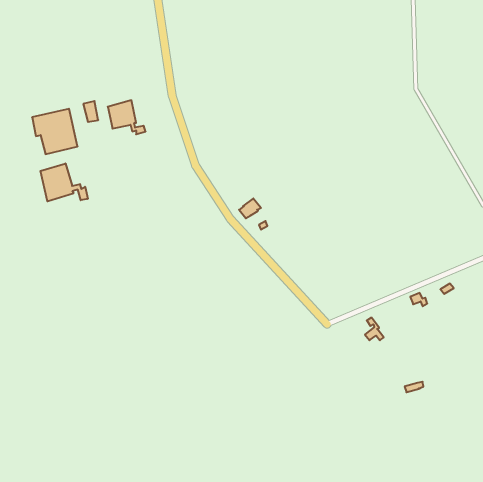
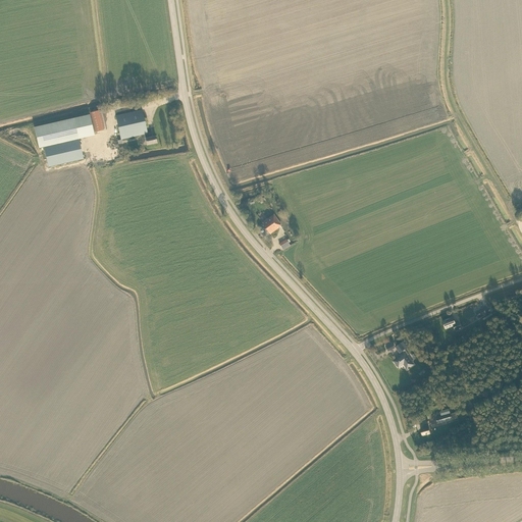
building: [40,163,88,201] -> none

